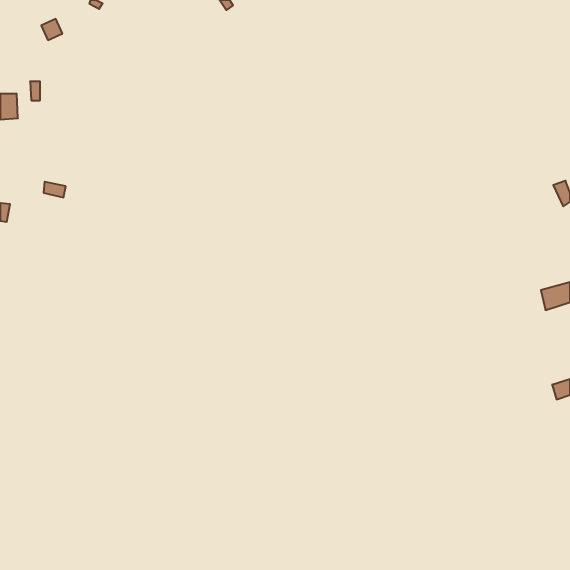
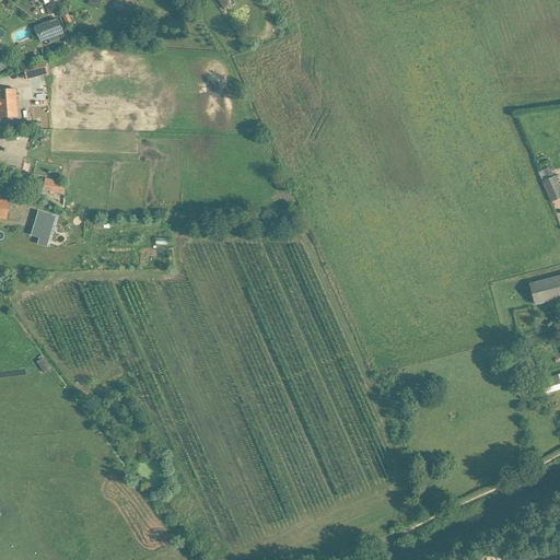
building: none -> [34,206,52,242]

